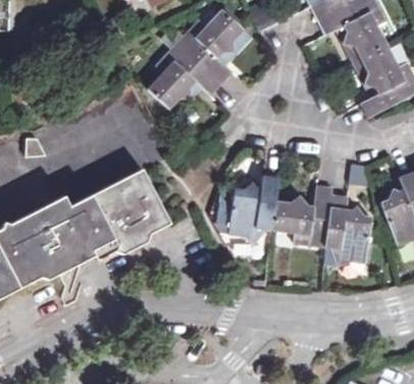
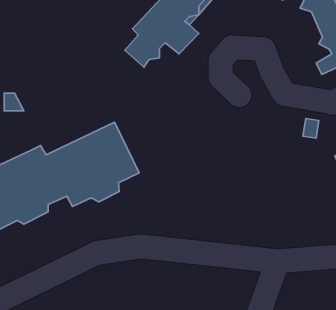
building: [231,178,373,266] -> none

